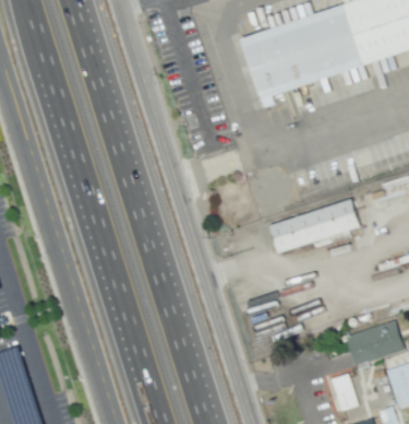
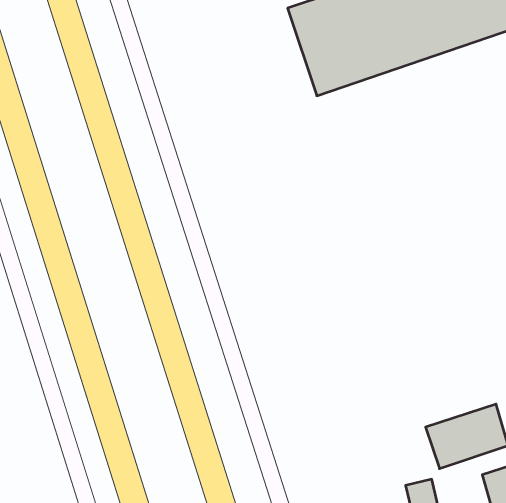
building: [275,198,365,251] -> none

